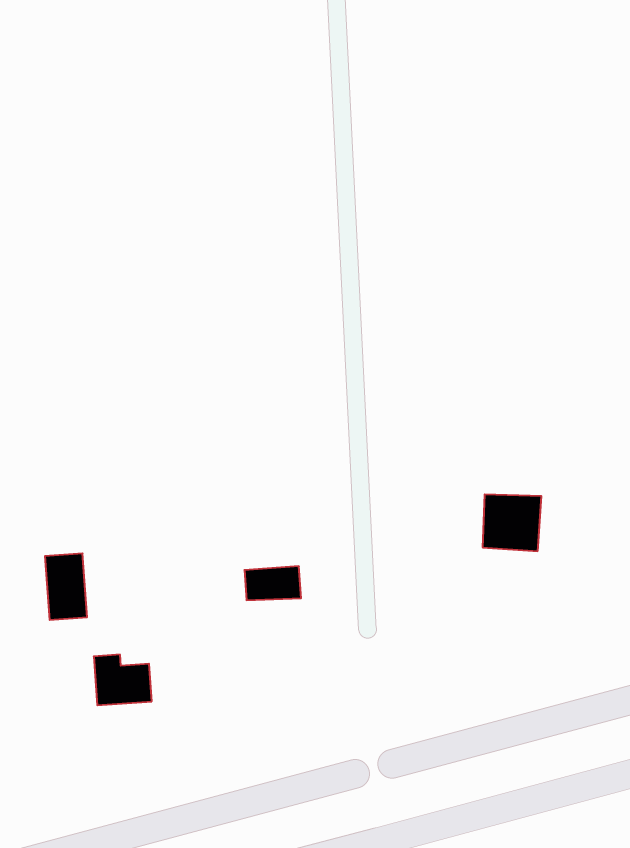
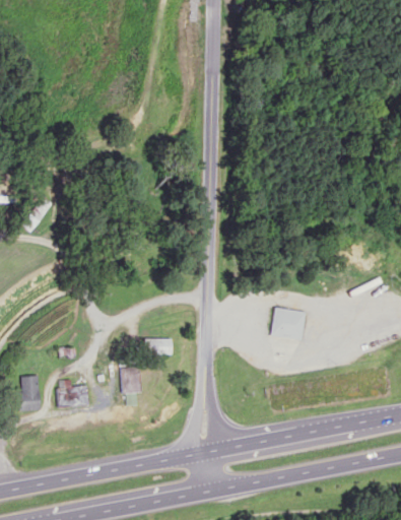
building: [45,553,87,620] -> [20,376,41,410]
building: none -> [121,366,138,392]

